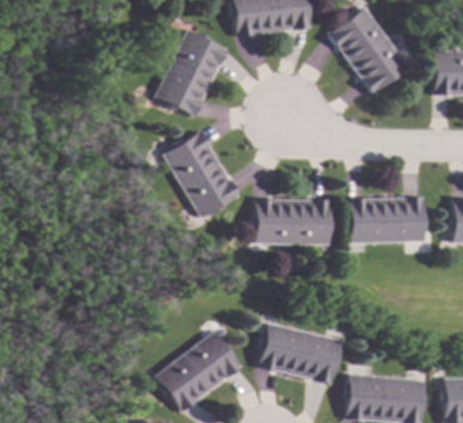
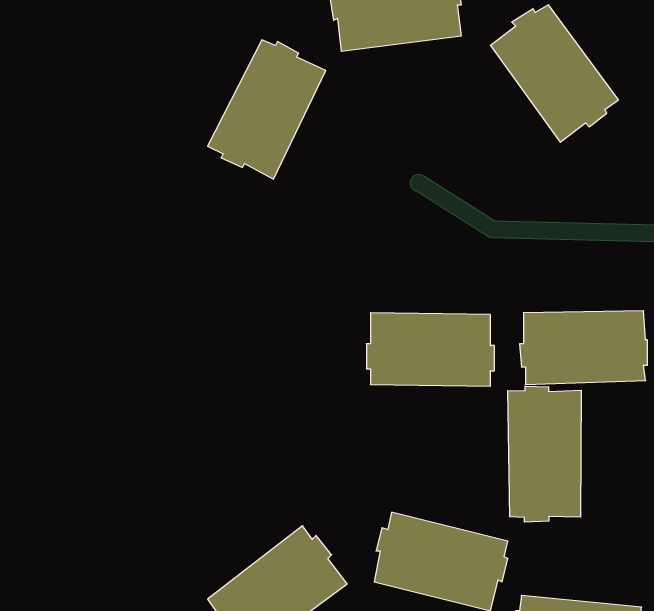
building: [163,131,240,218] -> none
building: none -> [508,386,581,522]

